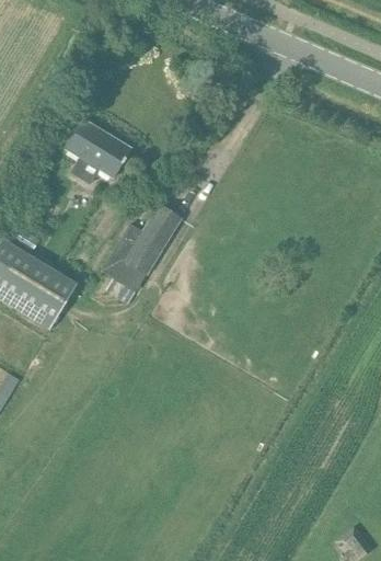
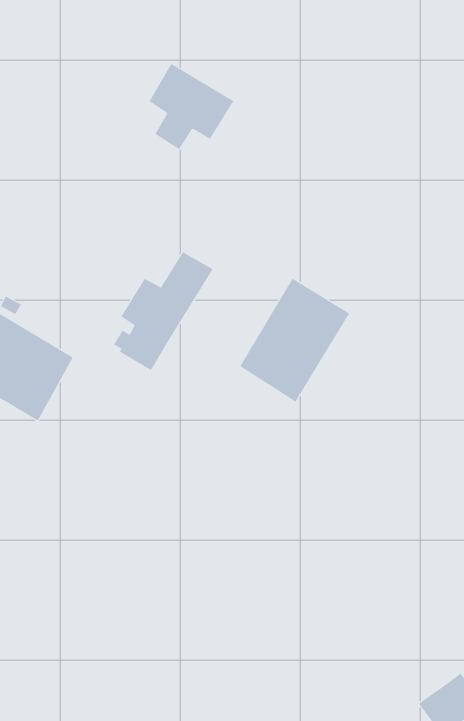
building: [67,119,130,184] -> [149,63,234,150]
building: none -> [239,278,350,403]

